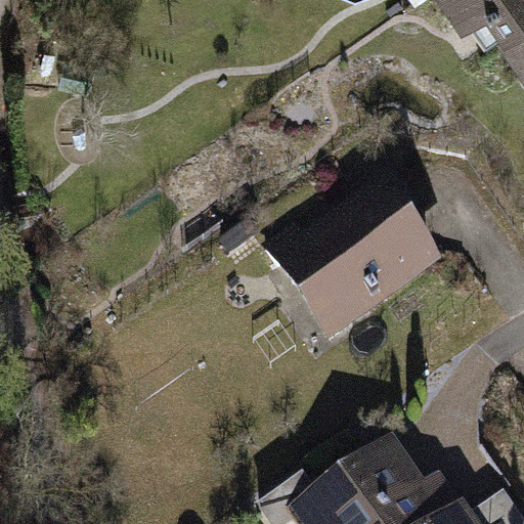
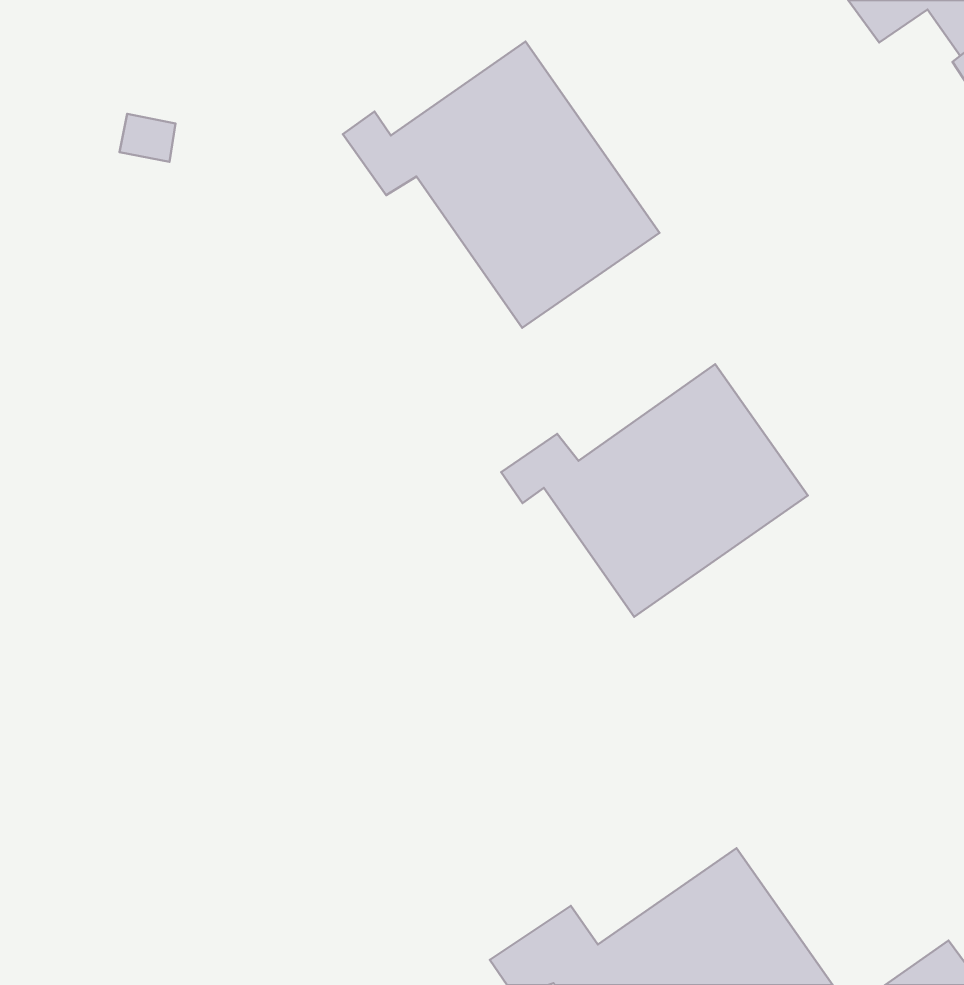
building: none -> [343,41,659,328]

